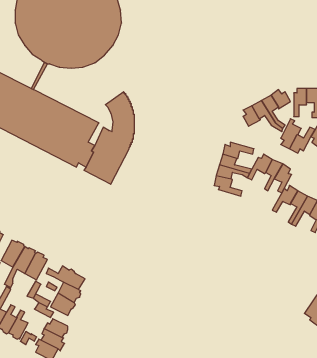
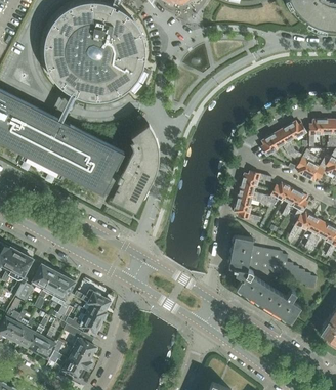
building: none -> [227,235,316,321]

